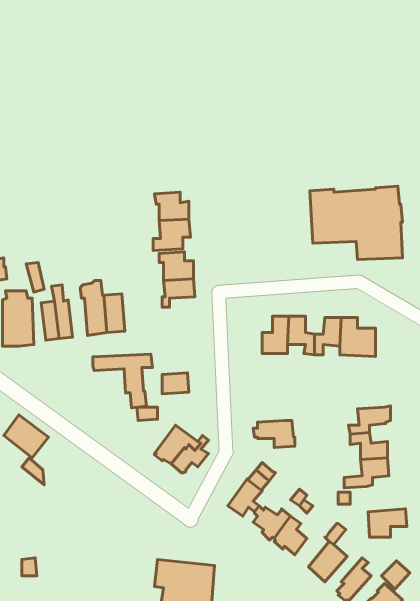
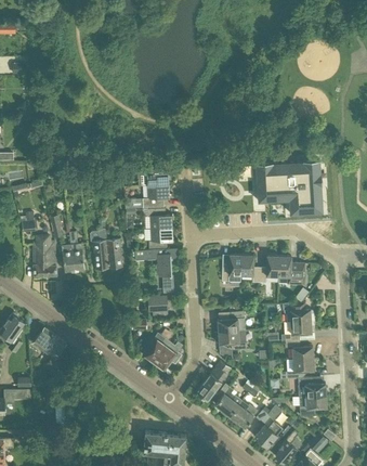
building: [93,354,152,408] -> [134,248,178,287]
building: none -> [283,302,314,322]
building: none -> [217,312,244,332]
building: none -> [297,377,325,397]

